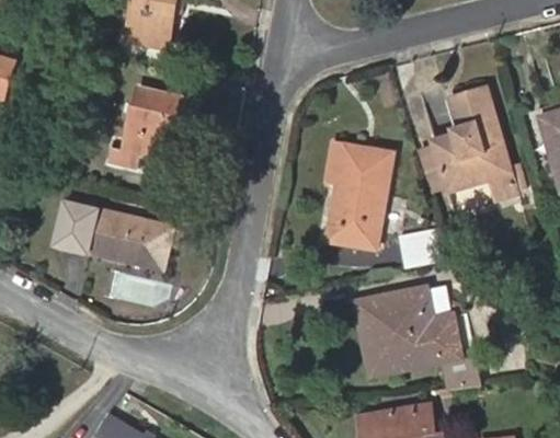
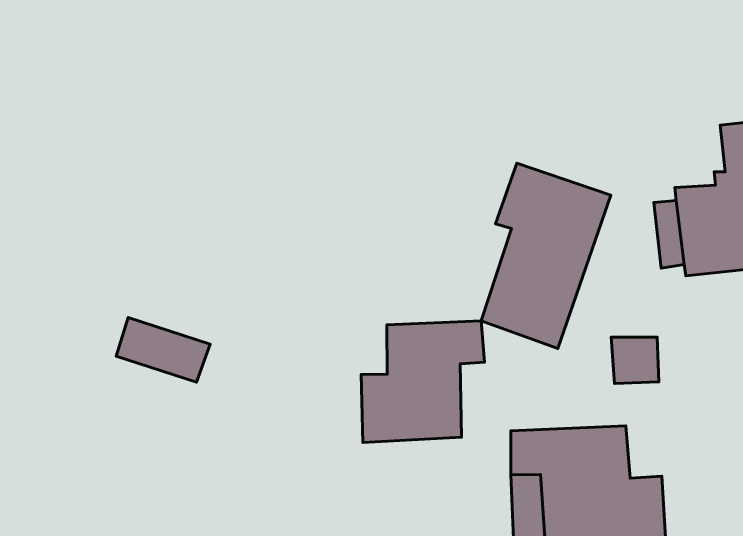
building: [107,87,192,169] -> none
building: [58,201,174,269] -> none
building: none -> [361,321,485,443]

